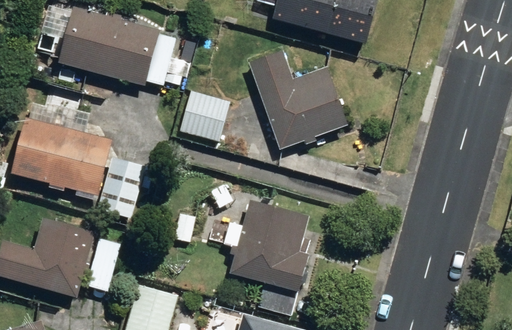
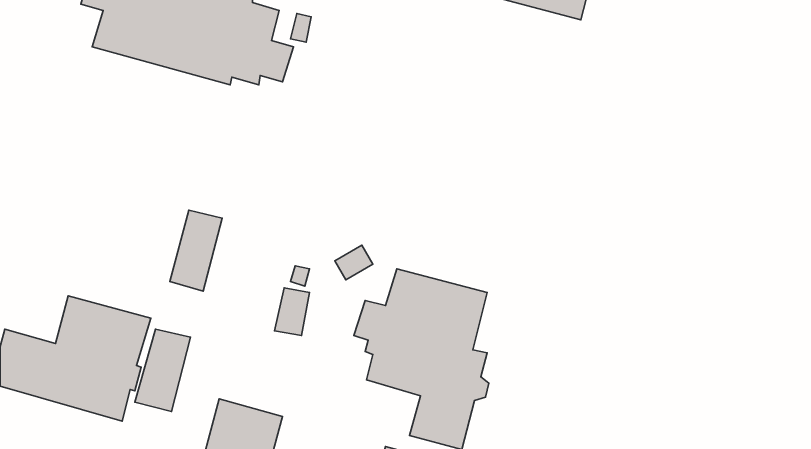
building: [249,49,346,148] -> none
building: [181,90,230,140] -> none
building: [12,108,111,194] -> none

